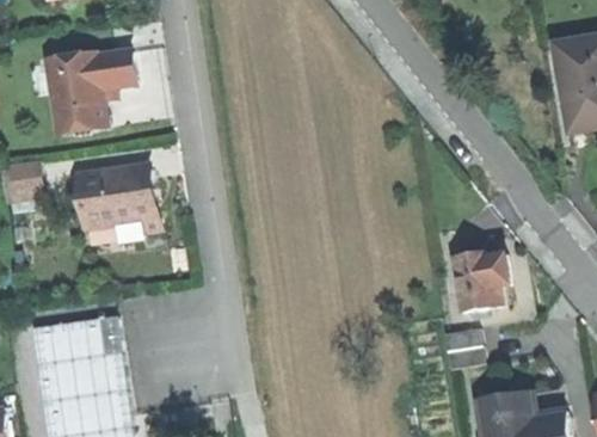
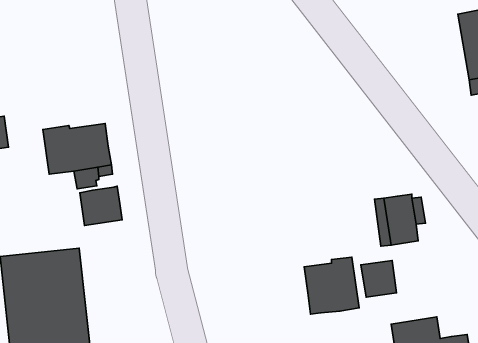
building: [48,51,136,134] -> none
building: none -> [80,186,122,226]
building: none -> [304,257,359,314]

